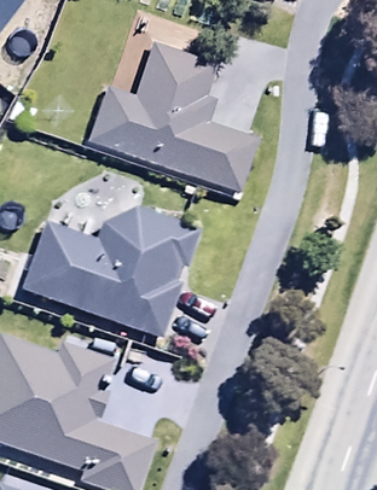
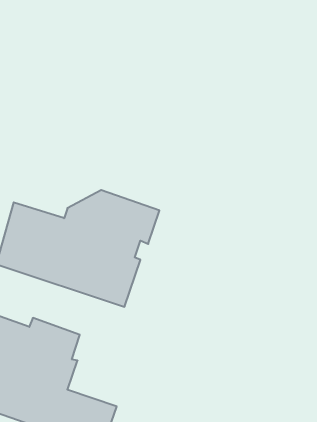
building: [92,45,256,189] -> none

